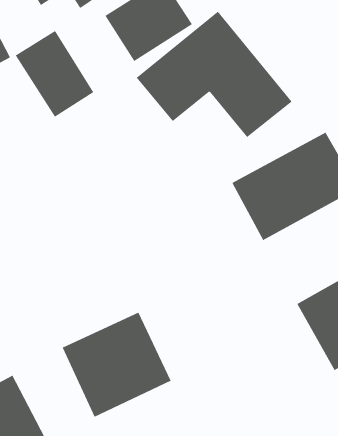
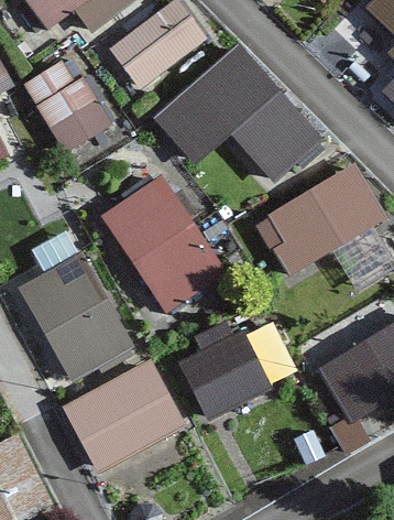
building: none -> [106,178,222,314]
building: none -> [15,250,133,382]
building: none -> [189,333,269,419]

